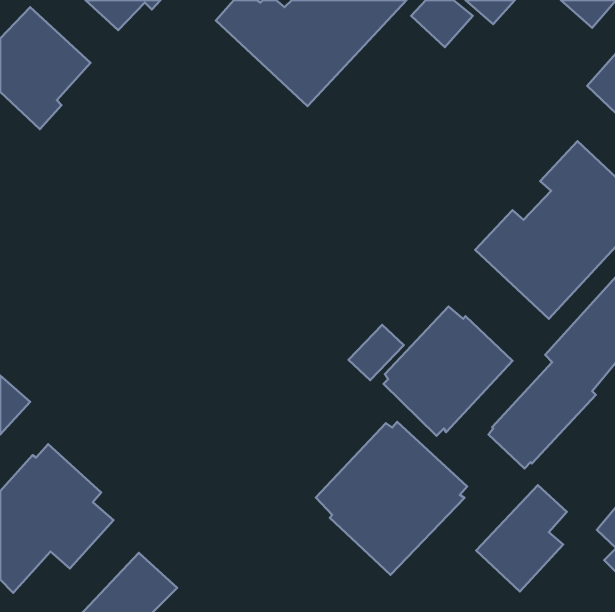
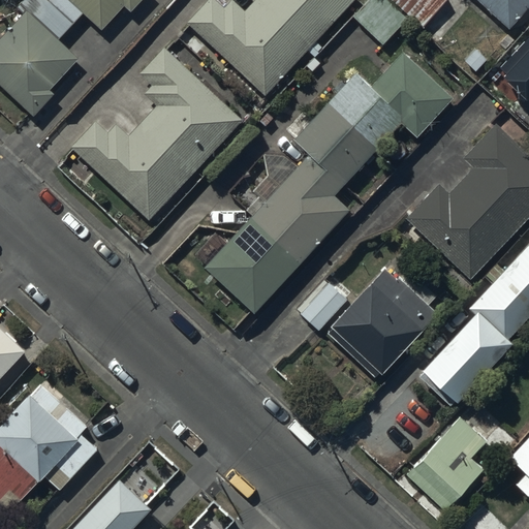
building: none -> [71,46,243,219]
building: none -> [204,53,453,312]
building: [316,422,467,575] -> none

